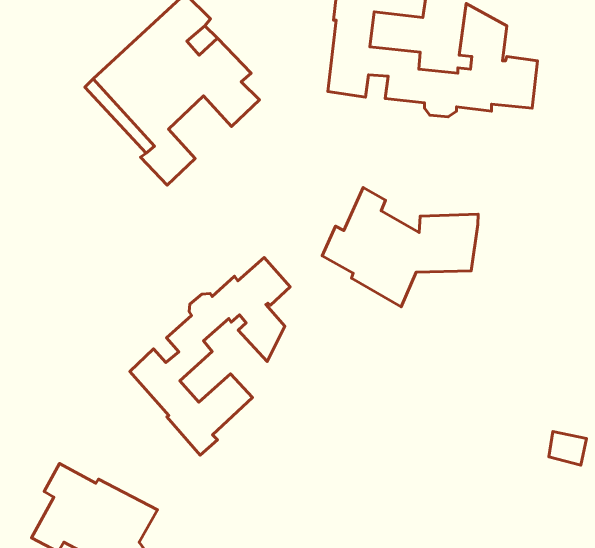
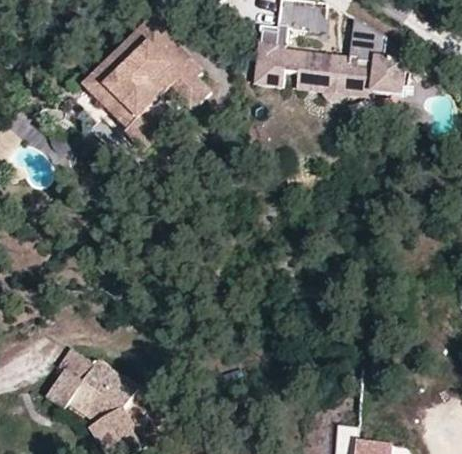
building: [322,187,478,307] -> none
building: [130,258,290,455] -> none

